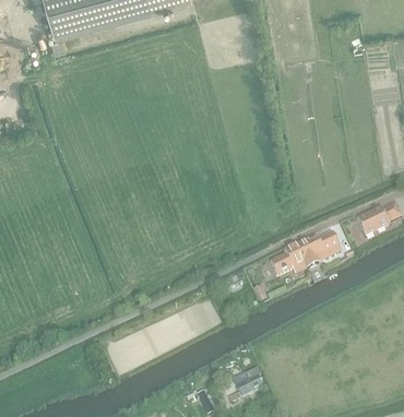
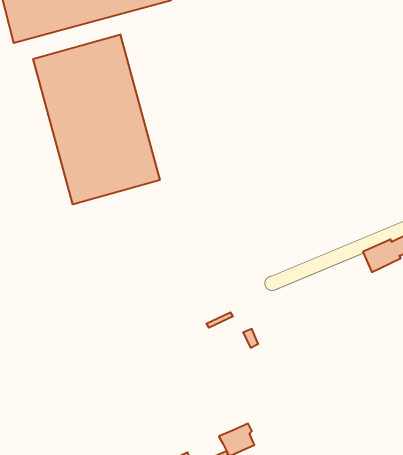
building: none -> [33,34,160,204]
building: [270,233,341,276] -> none

